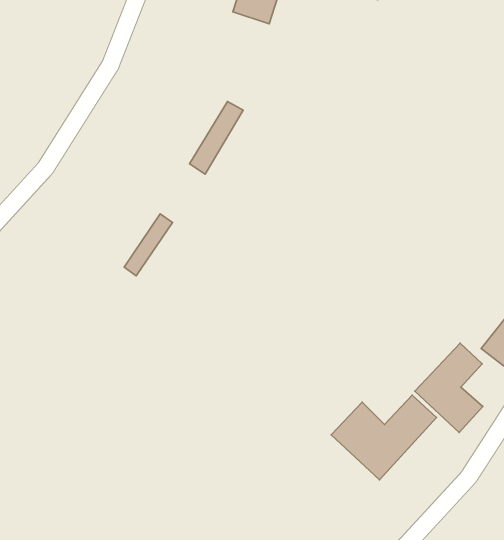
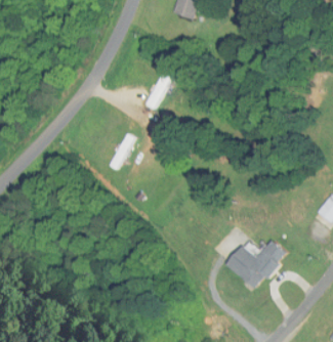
building: [415,343,483,433] -> none

